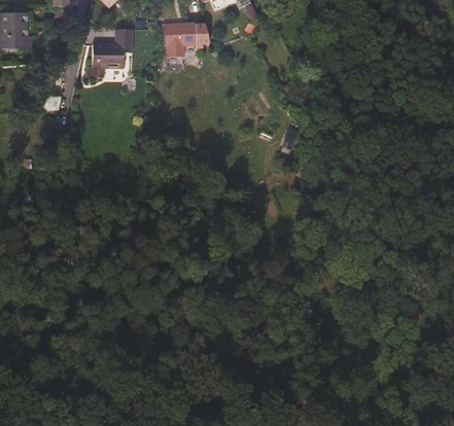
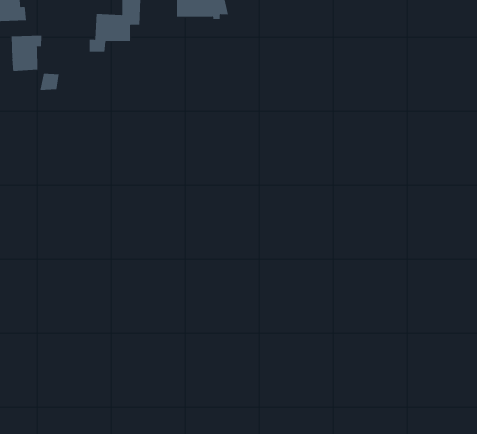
building: none -> [11,35,42,72]

